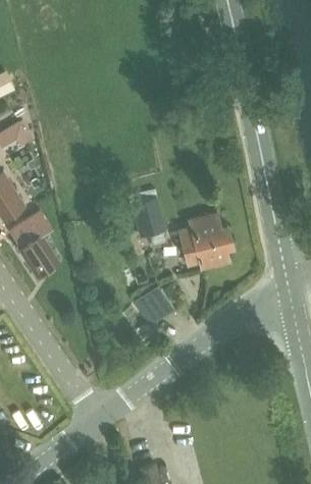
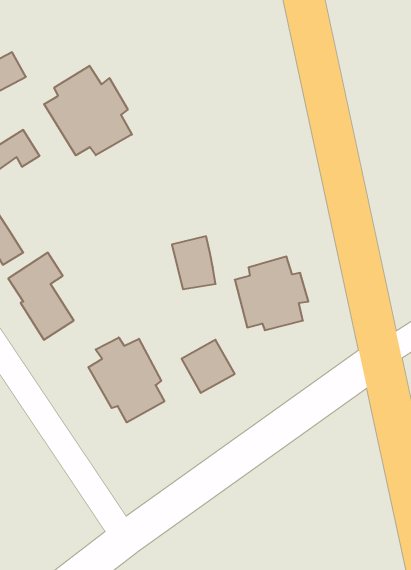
building: none -> [44,66,132,155]
building: none -> [88,337,164,422]

